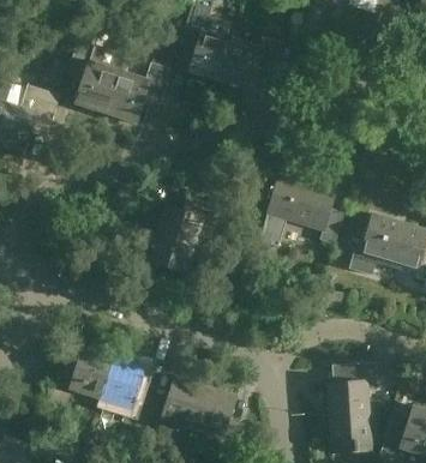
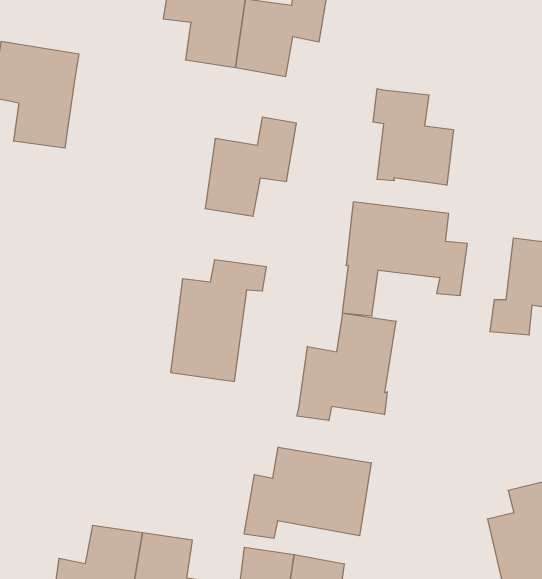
building: [107,62,172,122] -> [205,117,296,216]
building: none -> [373,89,453,185]
building: none -> [297,313,396,421]
building: none -> [244,447,371,538]

